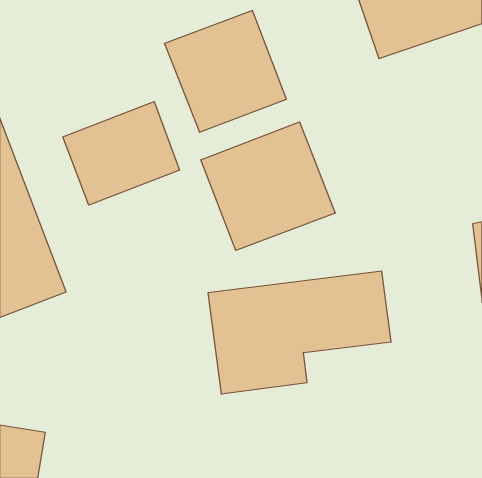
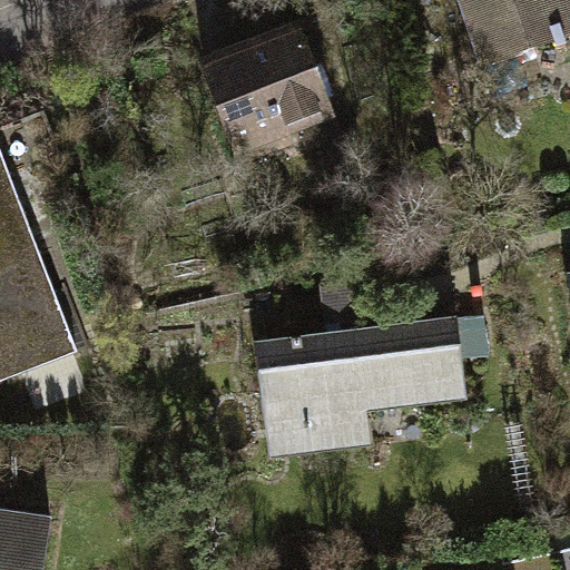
building: [63,102,179,205] -> none
building: [201,122,335,250] -> none

